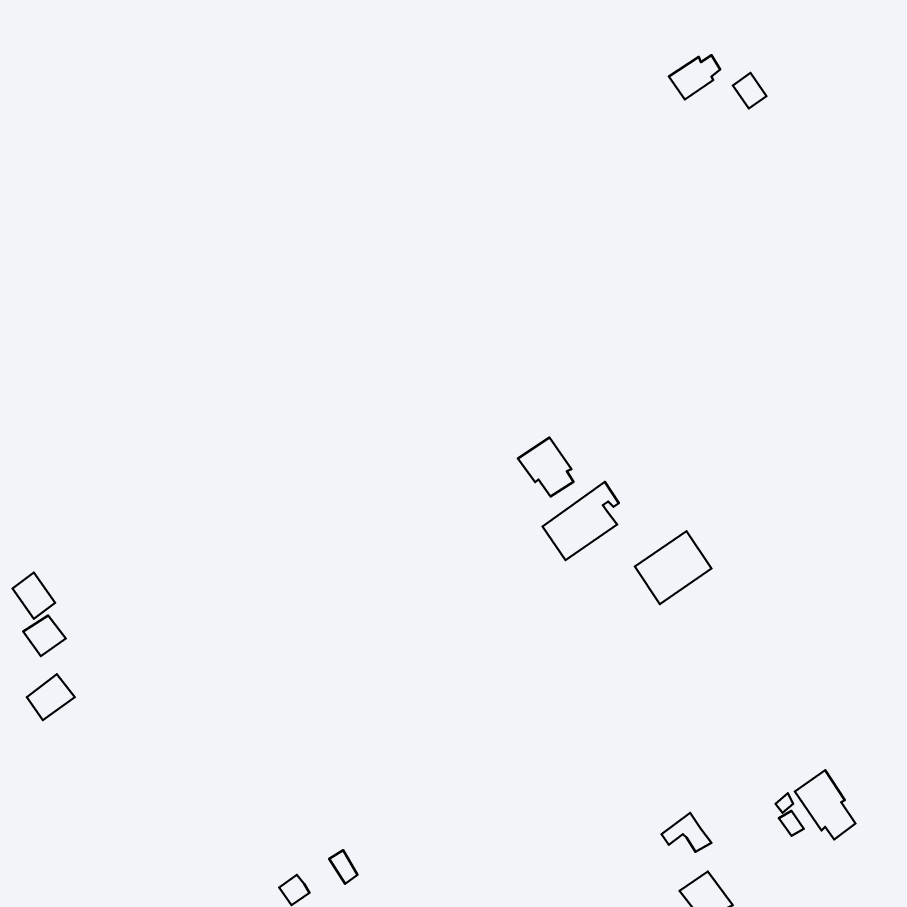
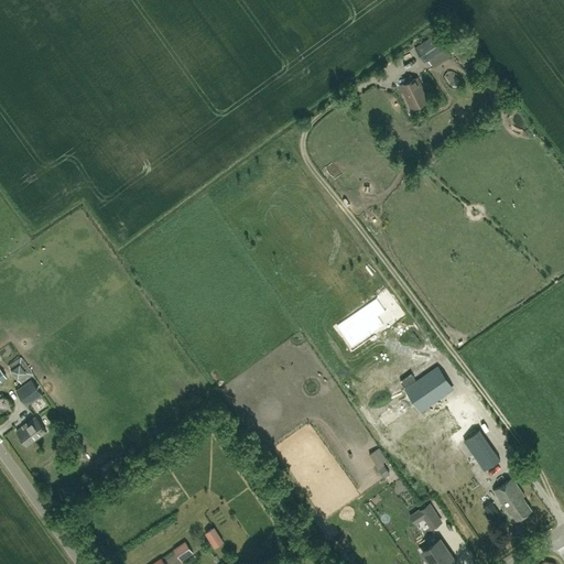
building: none -> [399,78,427,110]
building: [518,437,574,496] -> none
building: [635,531,711,604] -> [404,368,452,413]
building: none -> [463,431,499,471]

